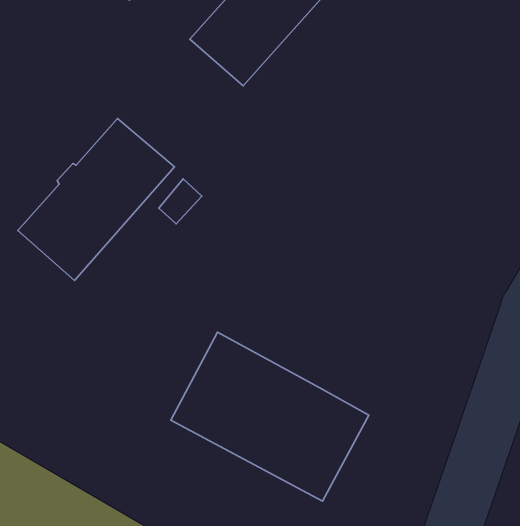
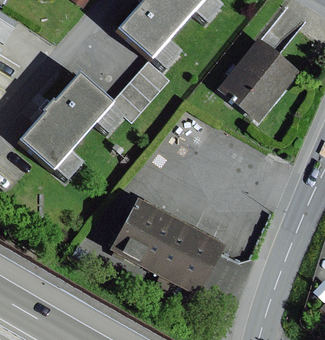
building: none -> [218,35,301,121]
building: none -> [112,58,172,120]

